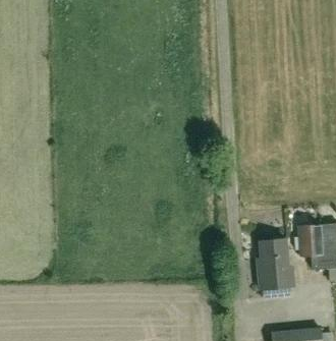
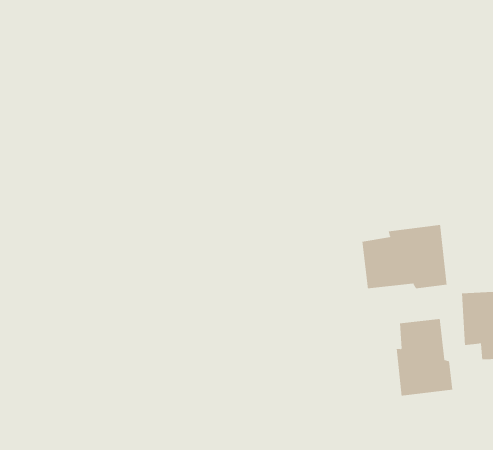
building: none -> [362,224,447,289]

